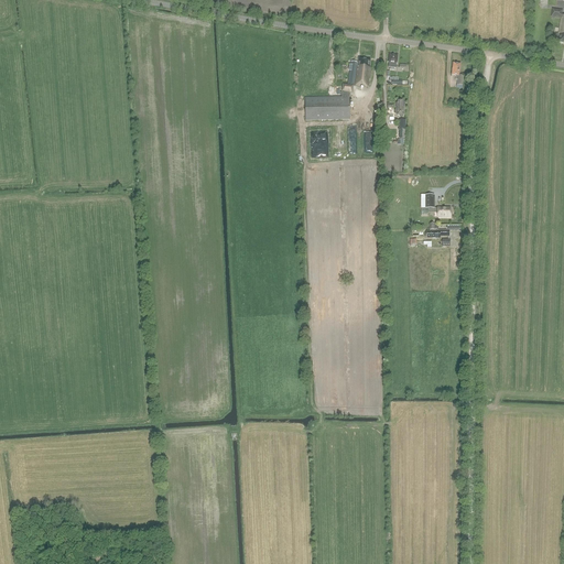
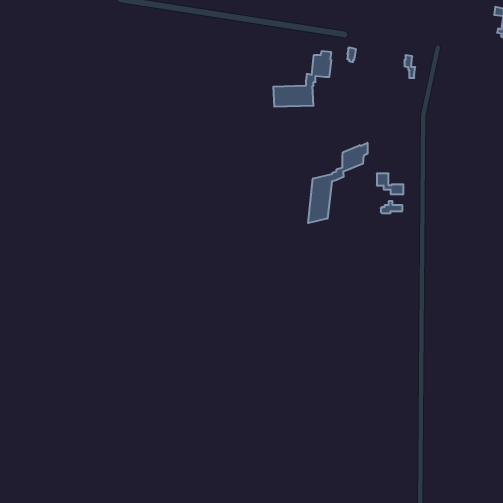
building: none -> [308,143,368,223]

